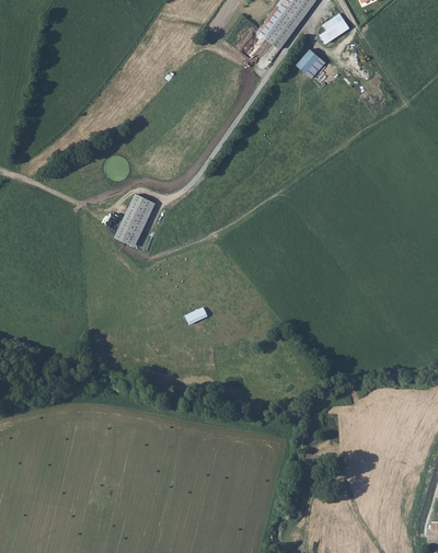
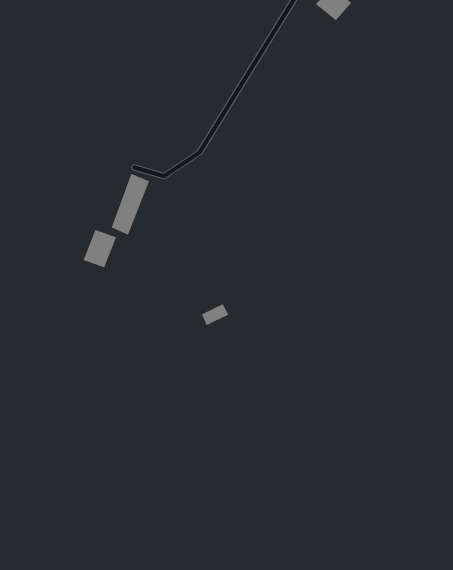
building: none -> [83,229,117,268]

